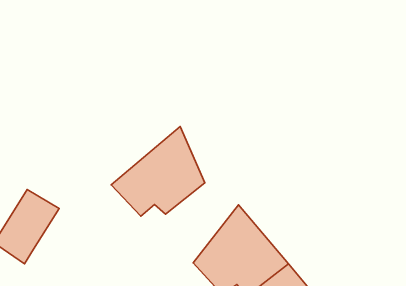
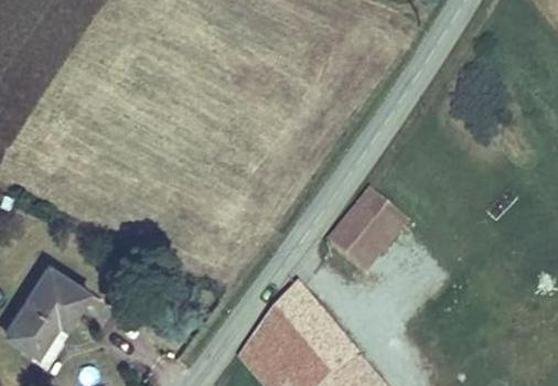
building: [111,127,205,216] -> none
building: none -> [336,193,410,271]

